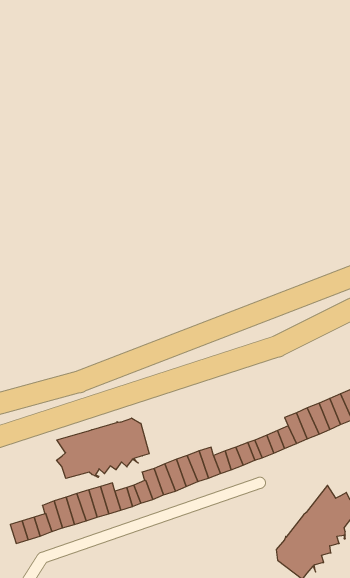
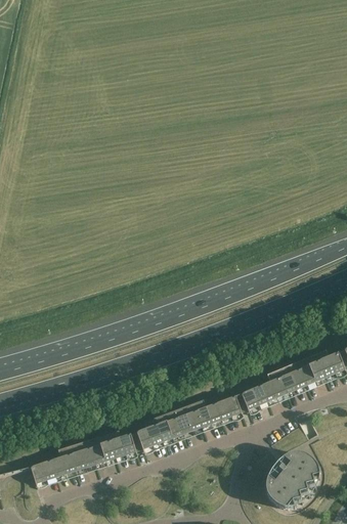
building: [57,418,149,478] -> none

